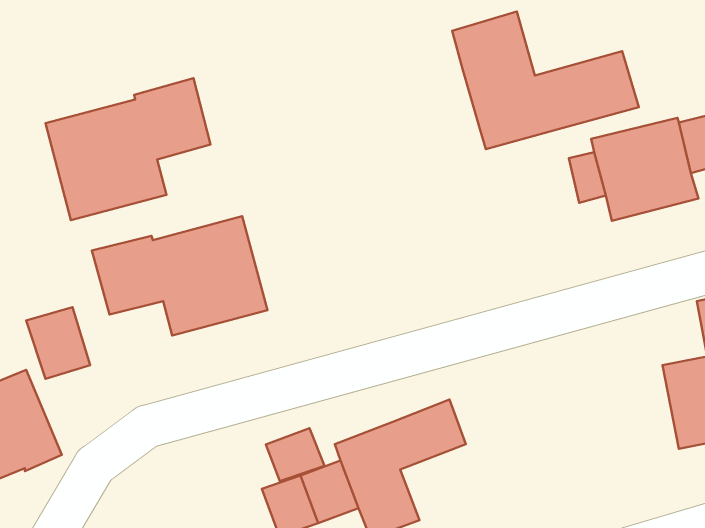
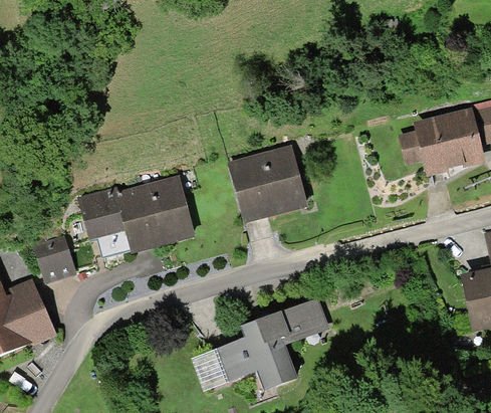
building: [452,12,639,149] -> none
building: [46,78,210,220] -> none
building: none -> [228,144,308,223]
building: [266,428,324,481] -> none

